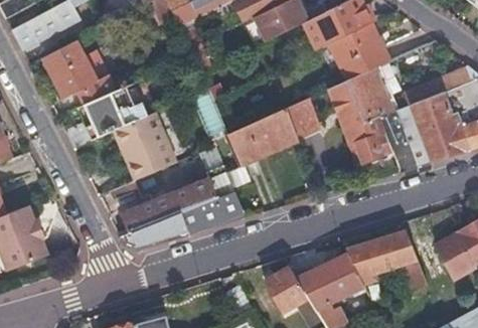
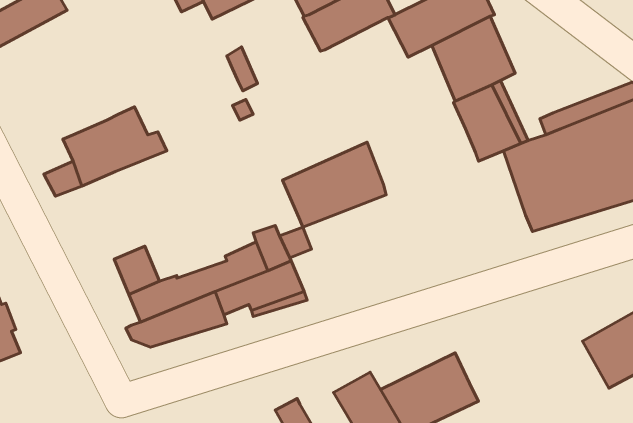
building: [42,39,116,104] -> none
building: [329,81,395,171] -> none
building: [287,98,321,138] -> none
building: [114,112,179,179] -> none
building: [345,232,427,293] -> none

